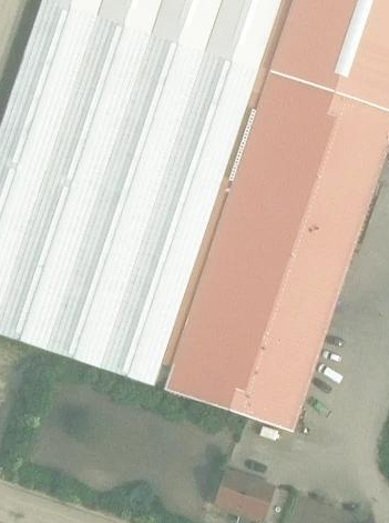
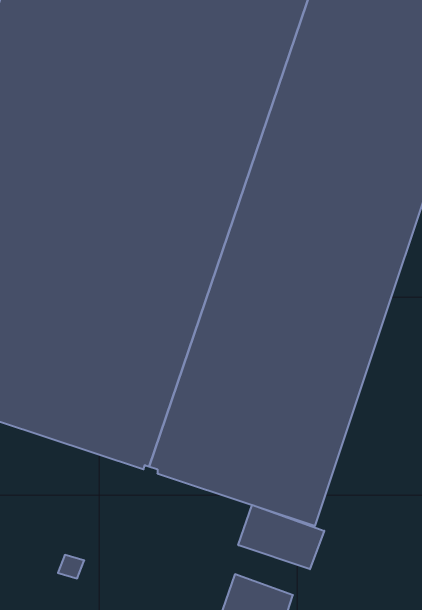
building: none -> [238,505,324,569]

